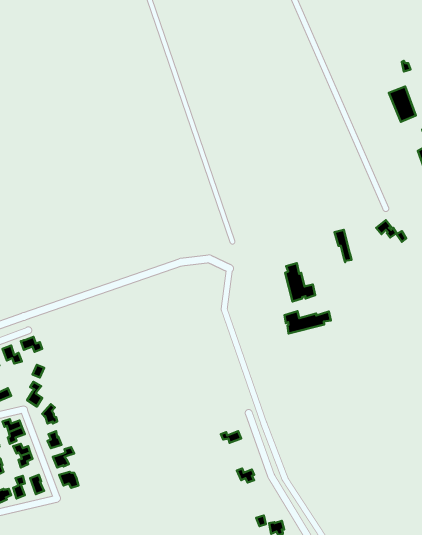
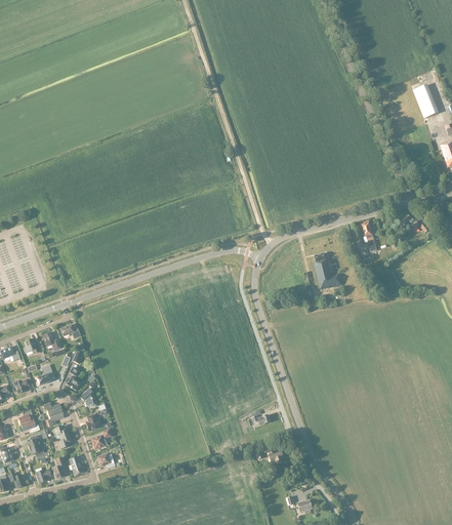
building: [285,311,331,334] -> none

